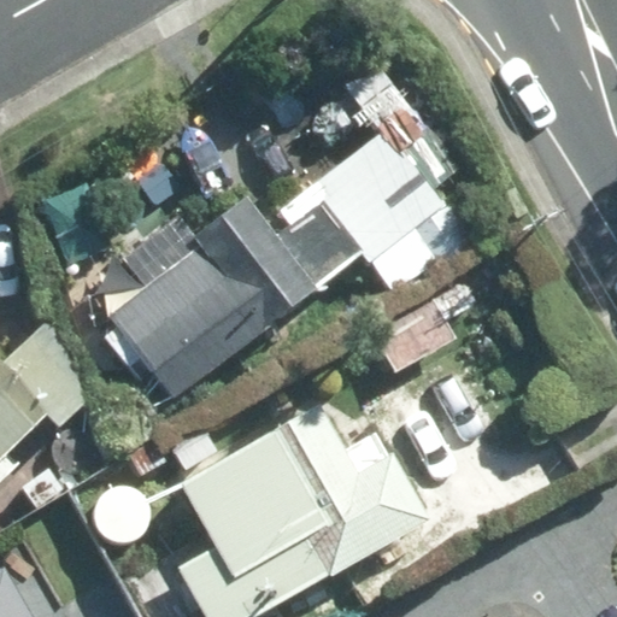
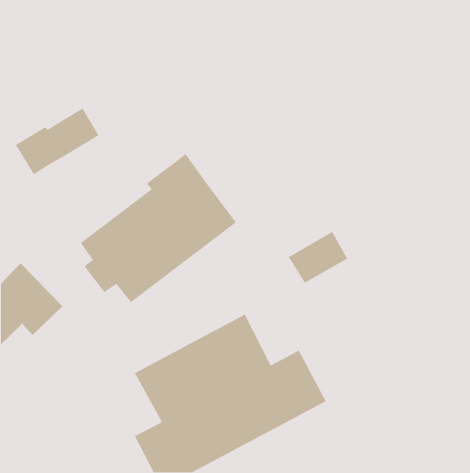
building: [304,127,440,264] -> none

